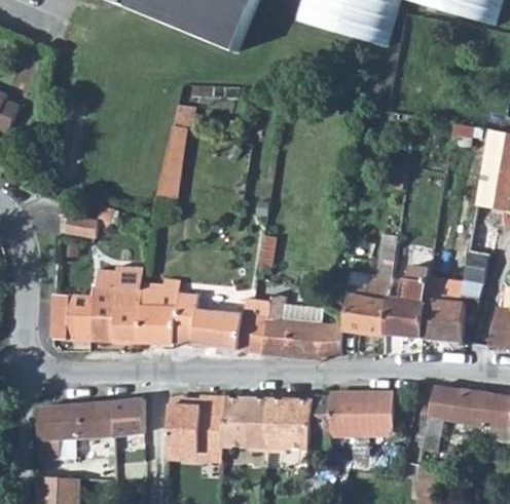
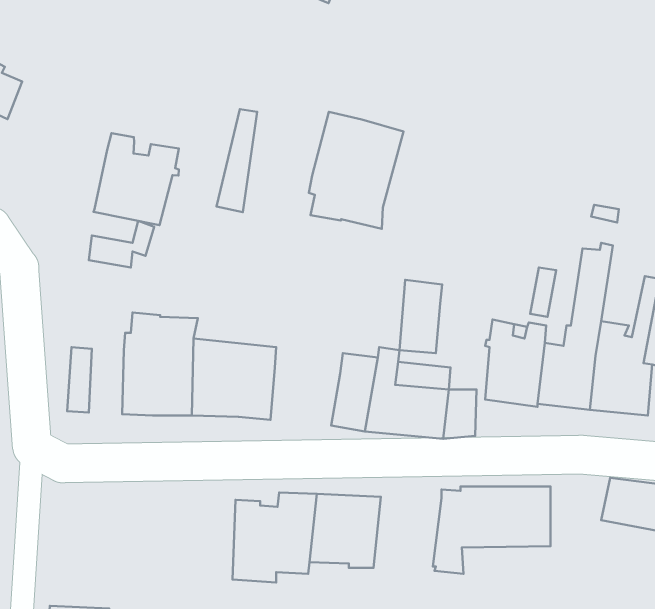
building: none -> [309,112,403,229]
building: none -> [93,133,179,225]
building: none -> [400,280,442,353]
building: [66,295,90,341] -> none
building: [194,308,244,349] -> none
building: [39,398,144,459] -> none
building: [267,399,316,451] -> none

